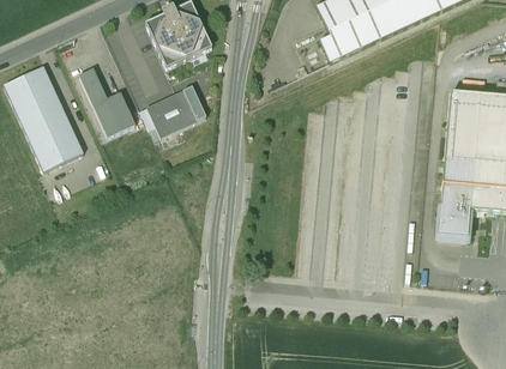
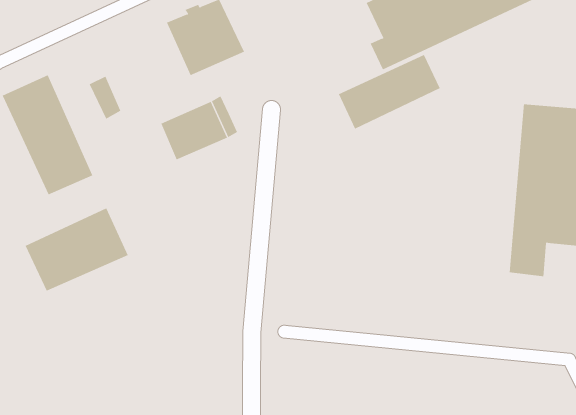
building: none -> [338,54,441,129]
building: [94,91,135,137] -> none
building: none -> [25,207,128,292]

